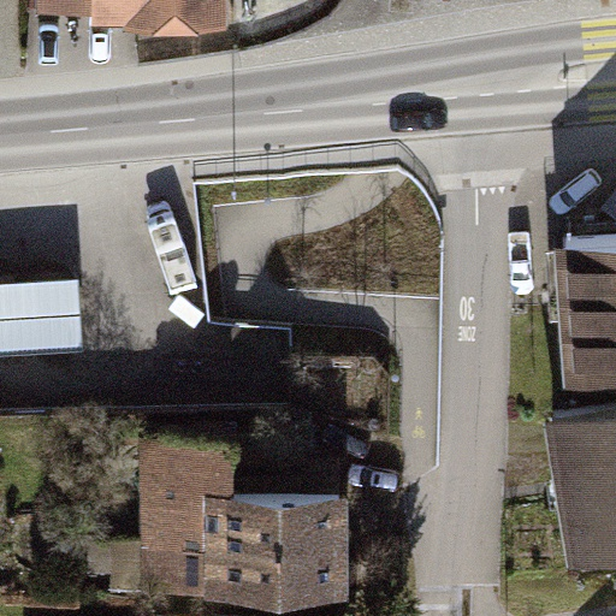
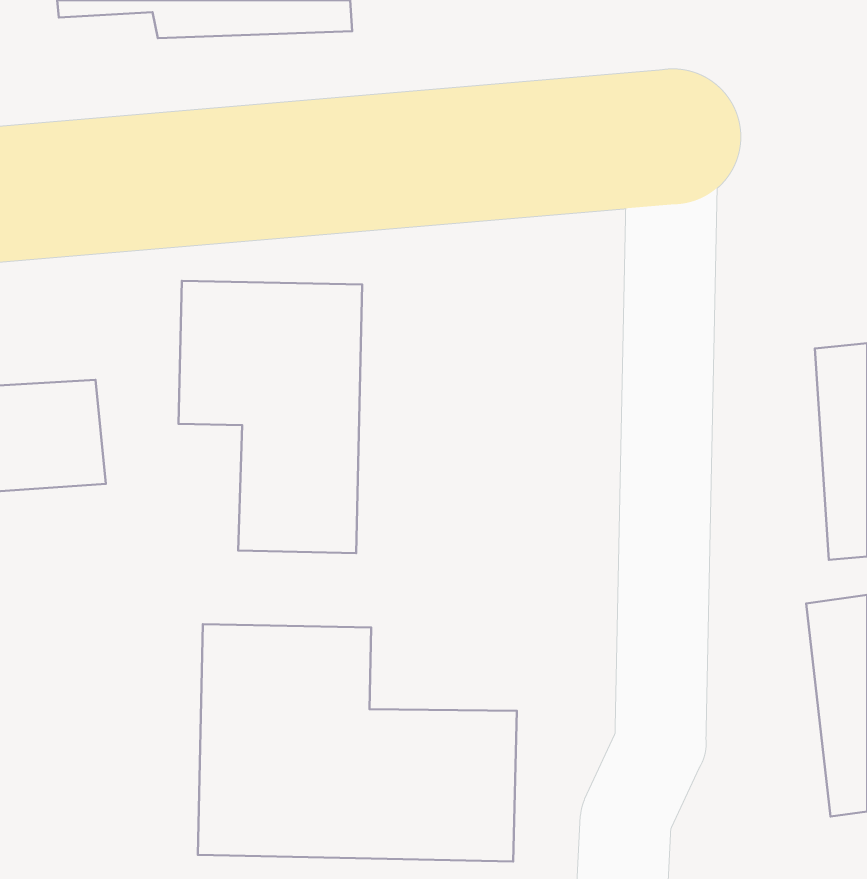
building: none -> [179,281,362,553]

